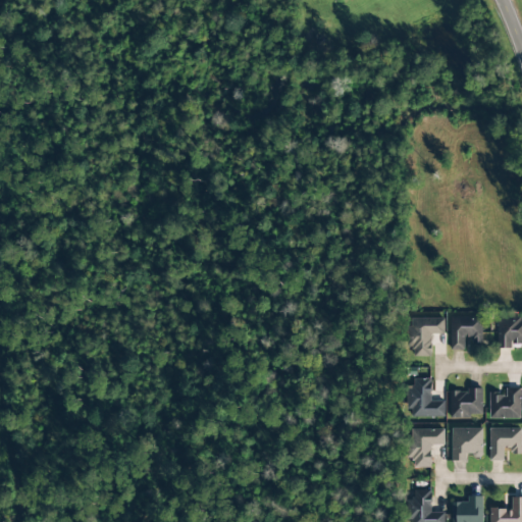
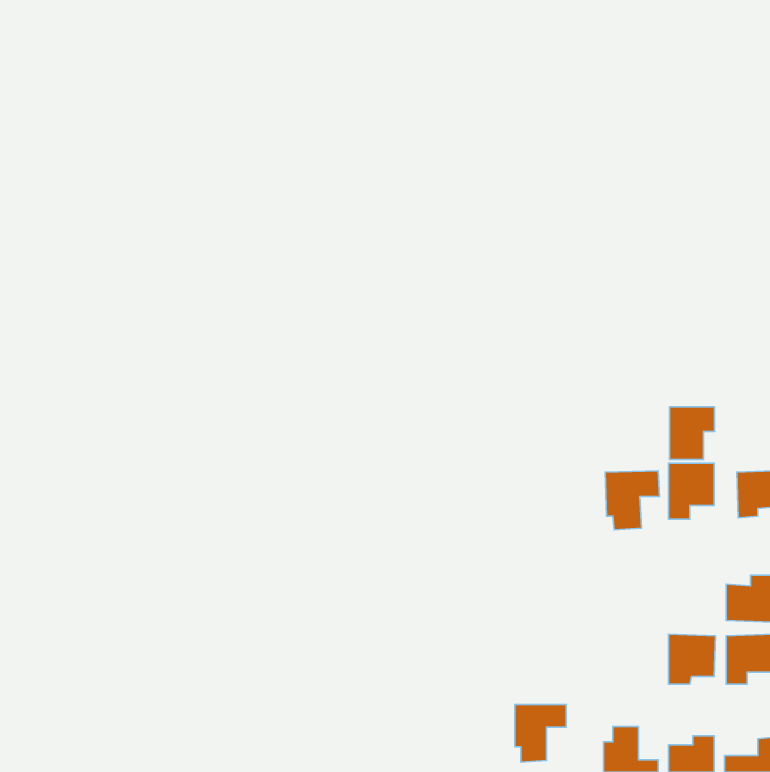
building: none -> [670,407,714,460]
building: [409,378,446,417] -> none
building: [451,389,484,417] -> none
building: [411,429,446,468] -> [515,705,566,762]

